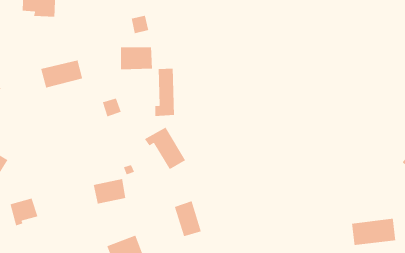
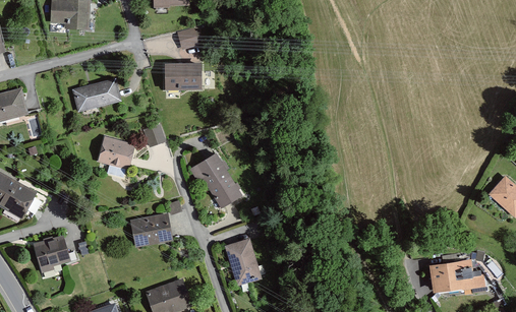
building: [155,68,175,117] -> none
building: none -> [100,139,133,168]

